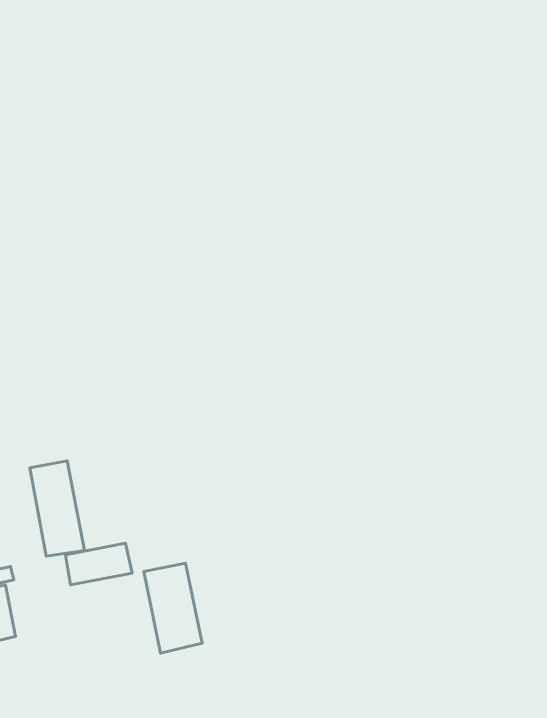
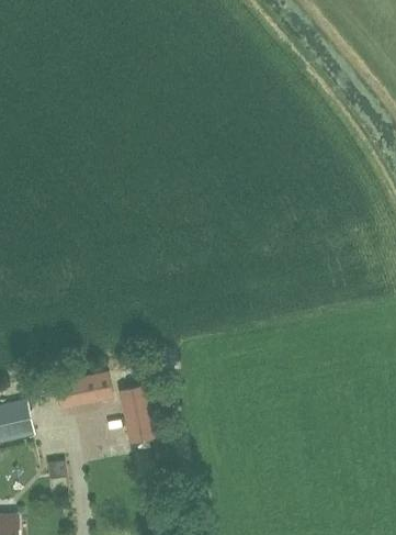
building: [30,461,84,556] -> none

